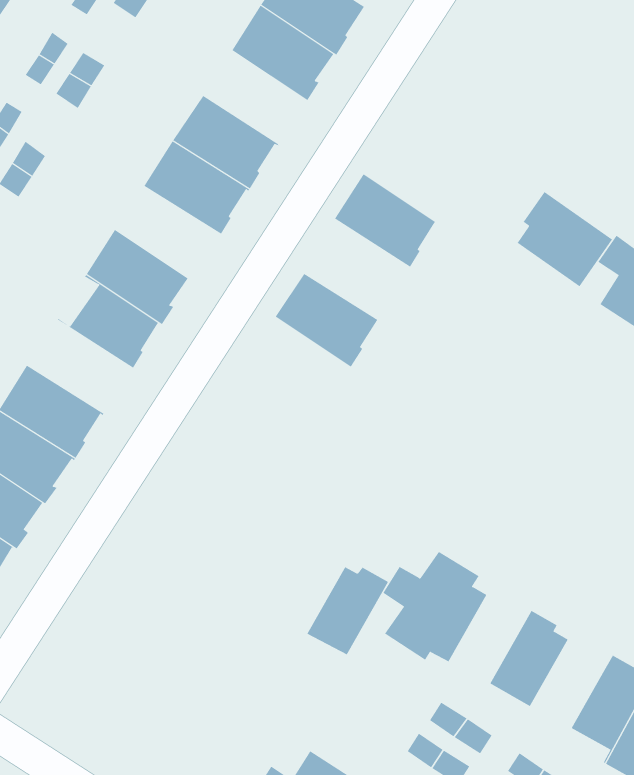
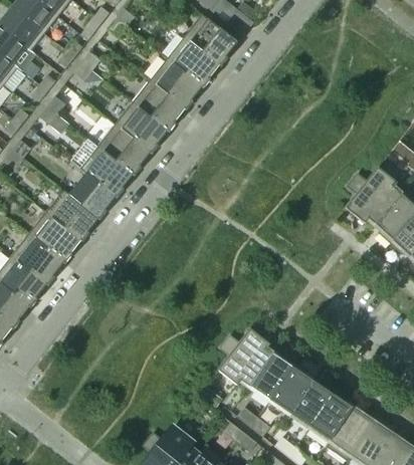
building: [334,173,439,268] -> [149,58,203,109]
building: [517,191,613,287] -> none
building: [275,273,382,367] -> [96,125,152,176]
building: none -> [44,190,99,241]
building: [307,566,389,655] -> [249,354,294,400]
building: none -> [289,381,335,427]

